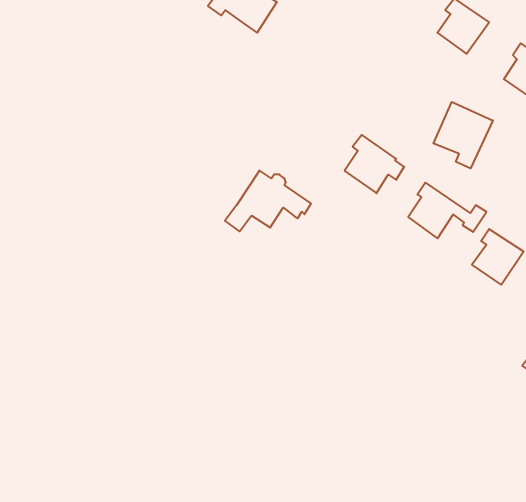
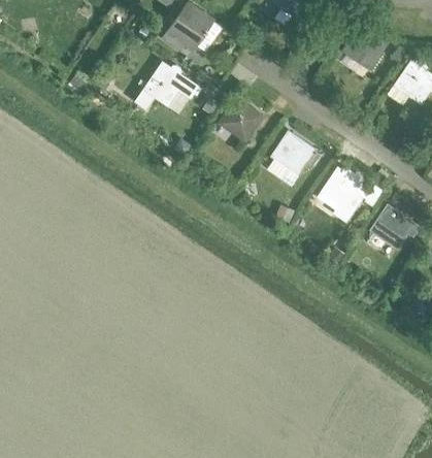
building: none -> [222,98,262,141]
building: [433,102,493,168] -> none
building: [225,170,311,231] -> [134,62,201,109]

